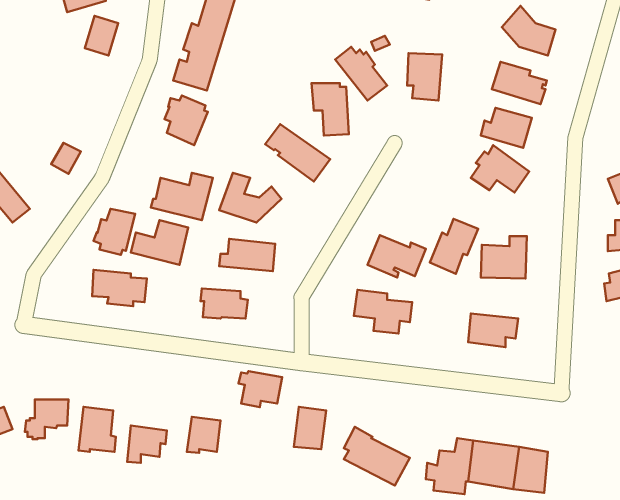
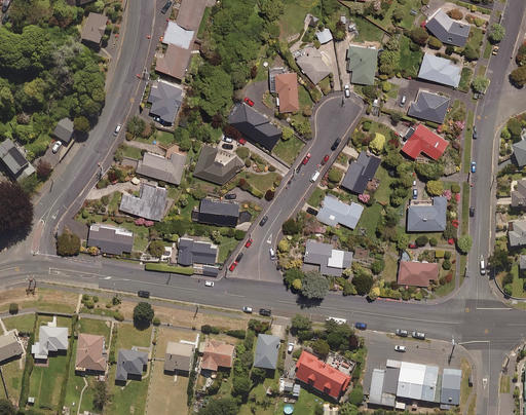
building: [94,209,135,255] -> none
building: [430,219,478,274] -> [341,148,381,193]
building: [239,371,282,407] -> [199,343,235,373]

